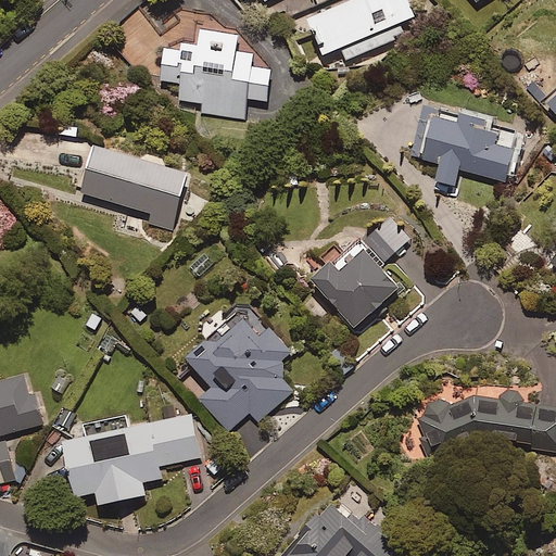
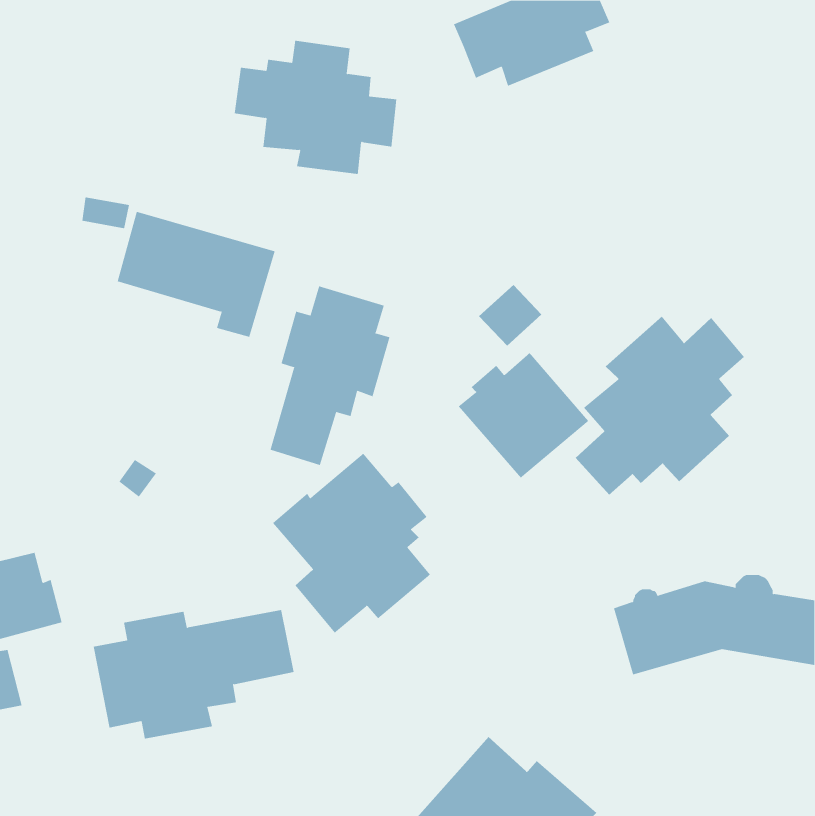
building: [409,102,515,185] -> none
building: none -> [270,285,390,466]
building: none -> [575,316,745,495]
building: [365,218,408,261] -> [478,284,542,347]

